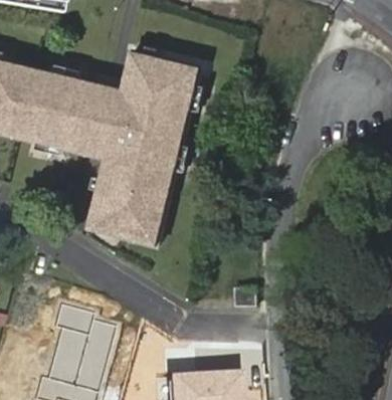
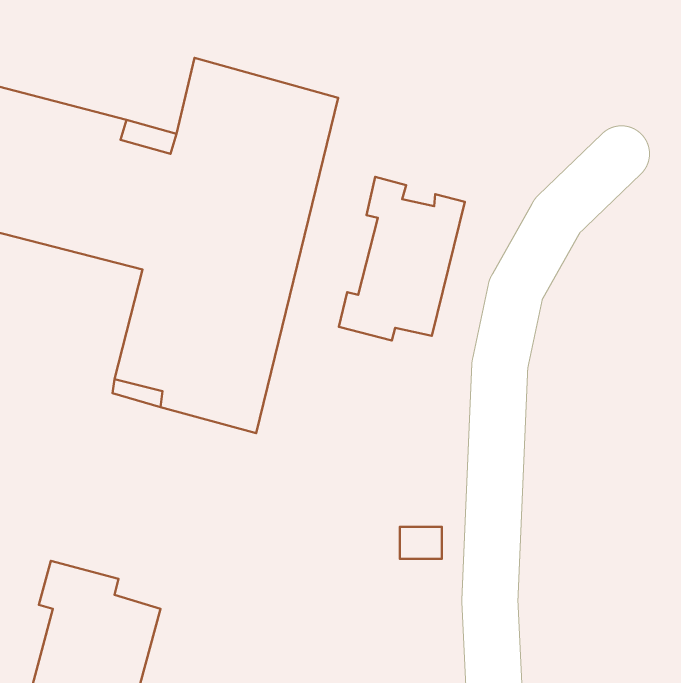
building: none -> [339,177,465,340]

